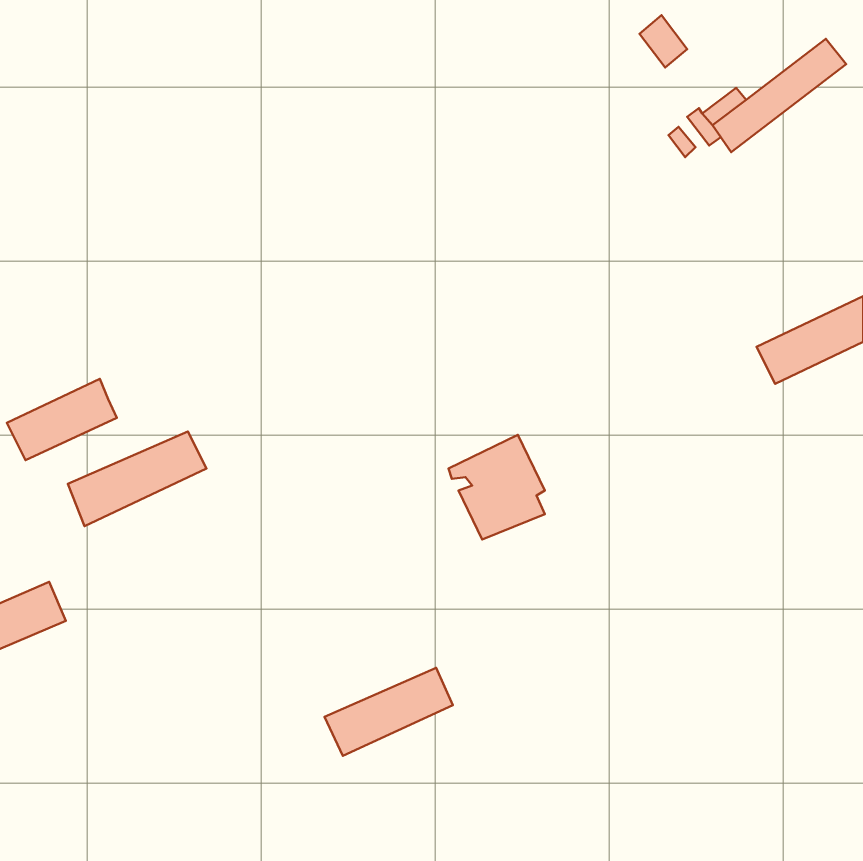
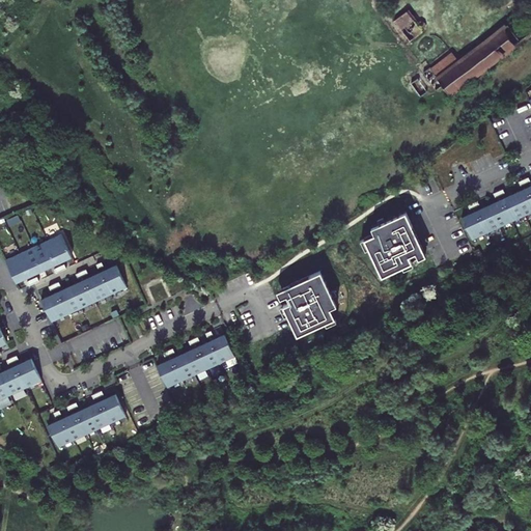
building: none -> [362,211,425,277]
building: none -> [47,394,123,449]
building: [324,668,453,756] -> [156,335,234,389]

